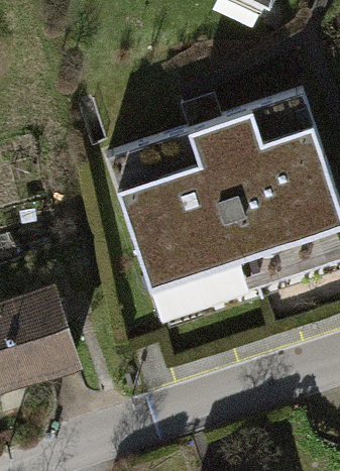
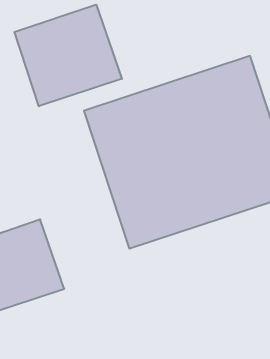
building: none -> [14,5,122,106]

